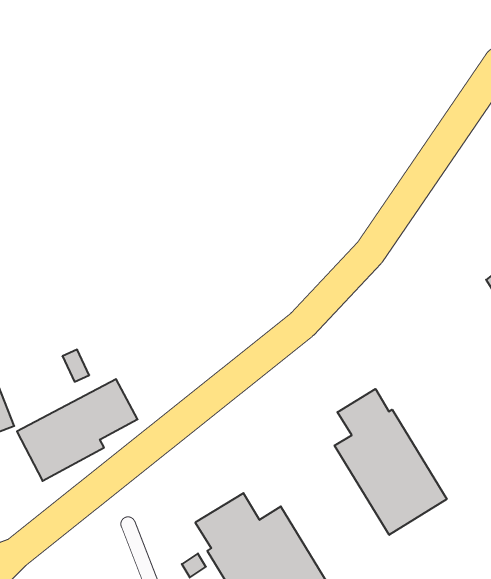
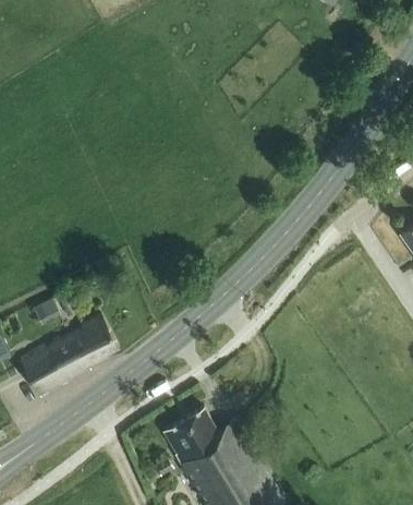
building: [335,389,447,535] -> none

